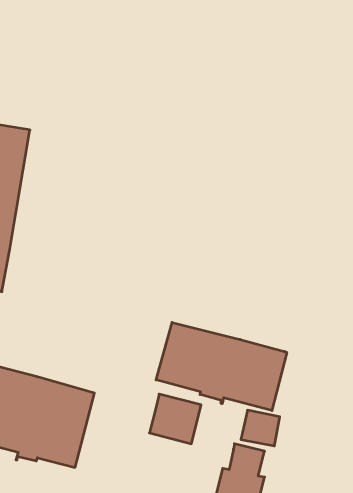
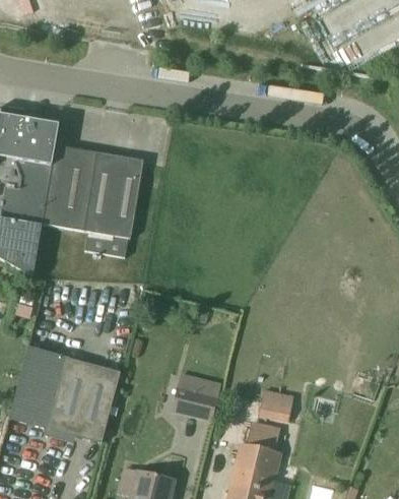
building: none -> [42,145,142,256]
building: [156,322,287,411] -> none

